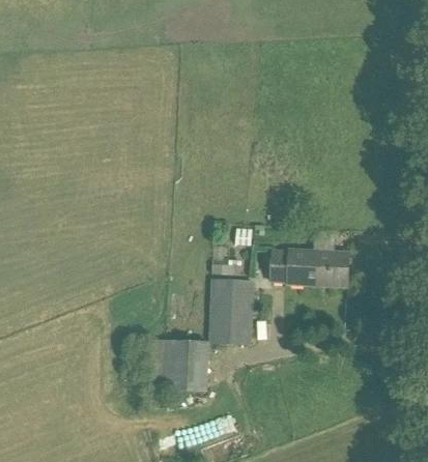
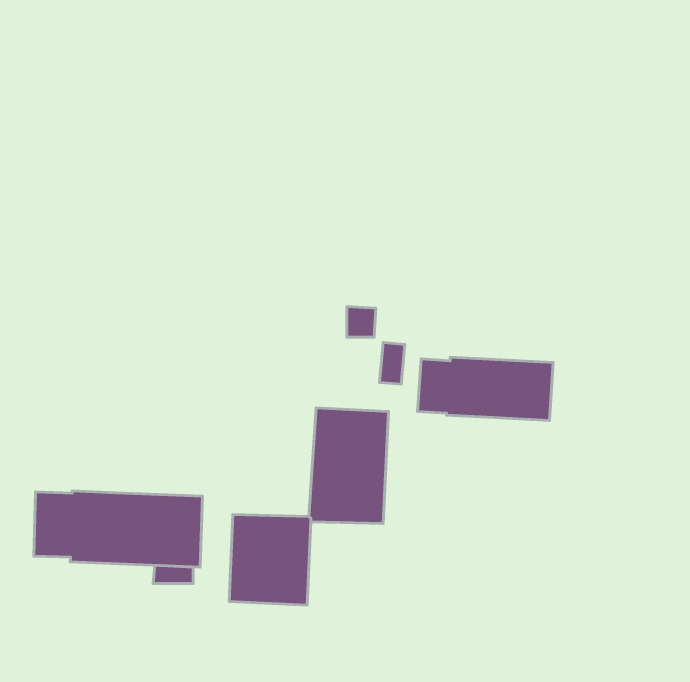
building: none -> [34,491,203,567]

